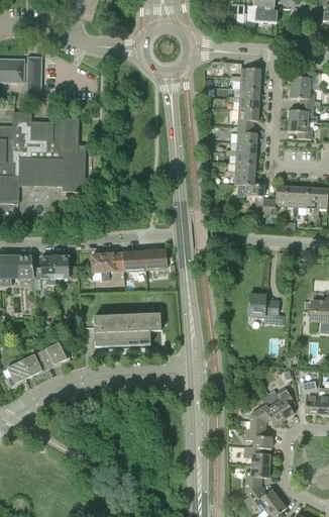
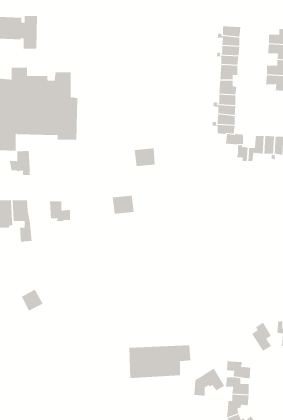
building: [144,248,168,269] -> [134,148,155,167]
building: [92,252,124,282] -> none
building: [32,256,56,284] -> [9,150,30,176]
building: [248,294,280,319] -> none
building: [94,313,161,349] -> [128,345,191,378]
building: [39,342,70,368] -> none
building: [7,359,32,387] -> none
building: [250,400,285,430] -> [193,368,225,396]

